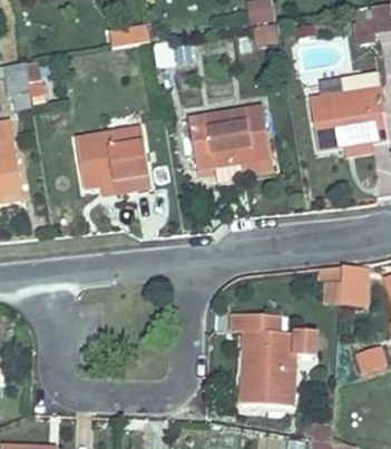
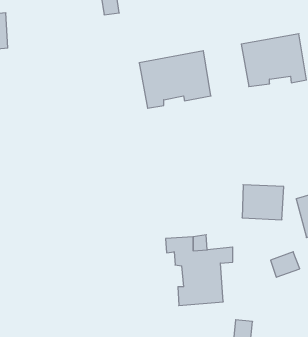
building: [76,127,153,192] -> none

